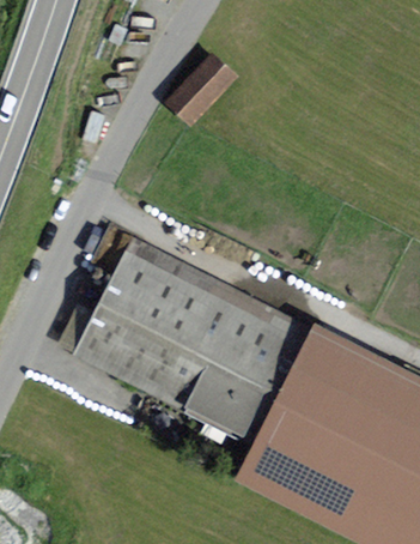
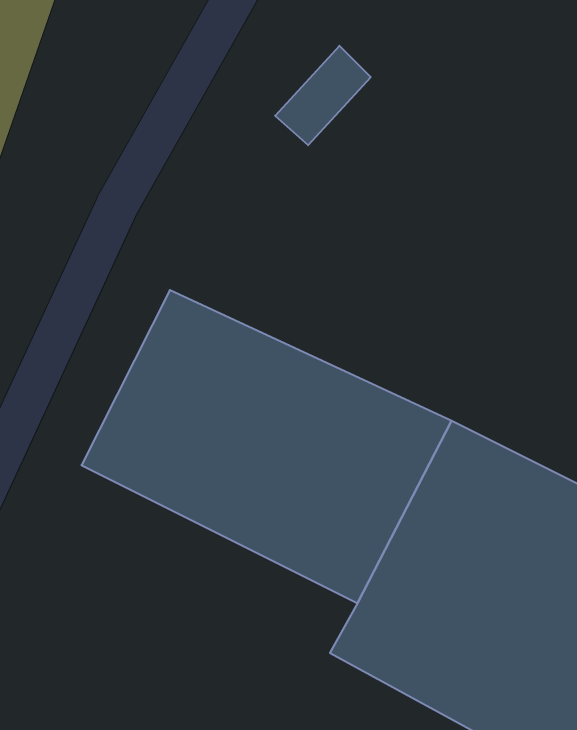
building: [165,58,227,122] -> [275,46,371,145]

